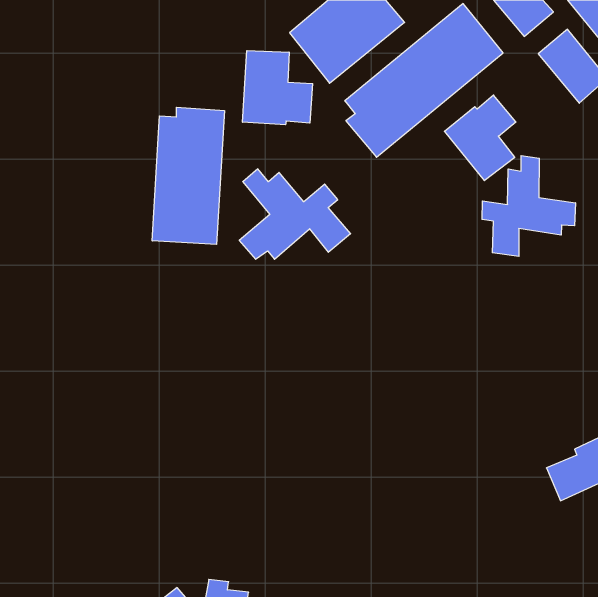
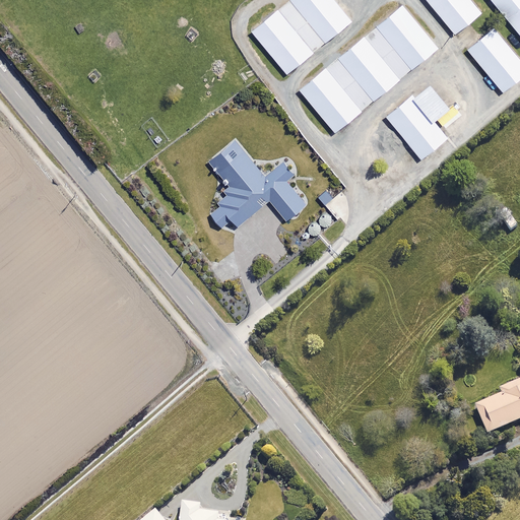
building: [243,51,313,125] -> none
building: [152,107,224,244] -> none
building: [482,156,575,256] -> none

